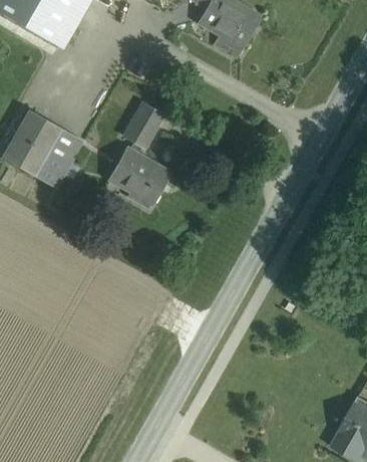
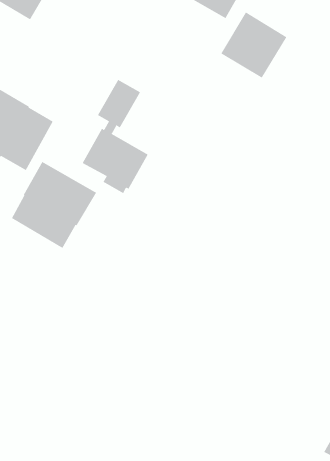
building: none -> [220,12,287,78]
building: none -> [11,161,97,249]

